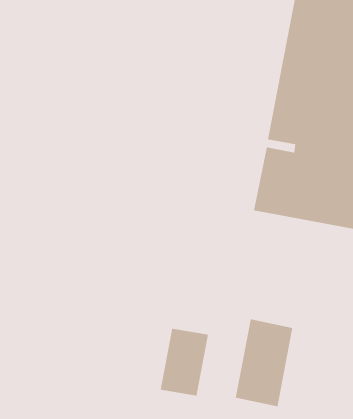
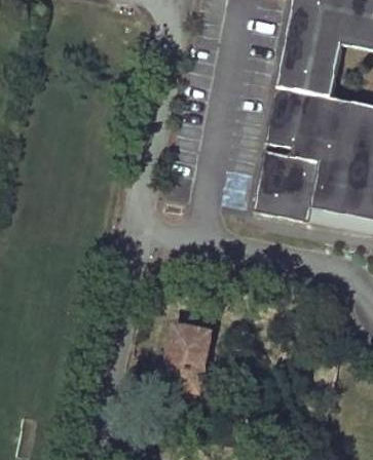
building: [235,319,293,407] -> none

